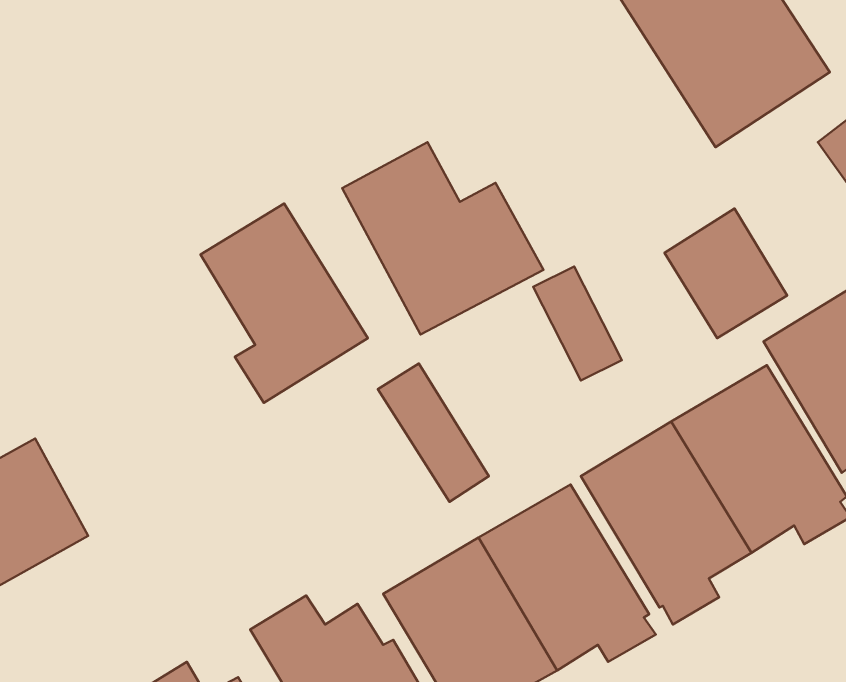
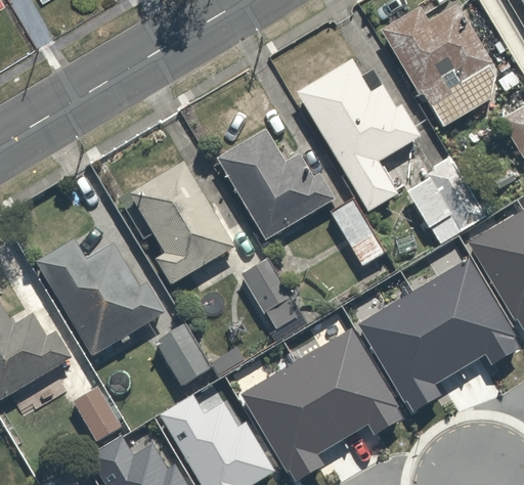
building: none -> [295,56,422,211]
building: none -> [35,234,164,354]
building: none -> [156,324,211,384]
building: none -> [76,386,127,439]

